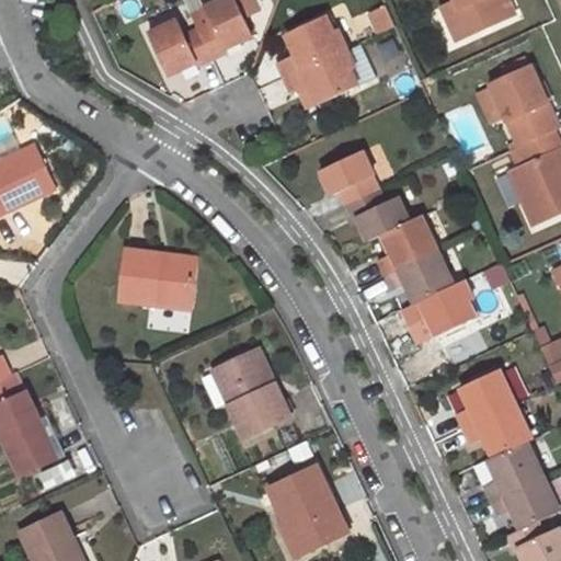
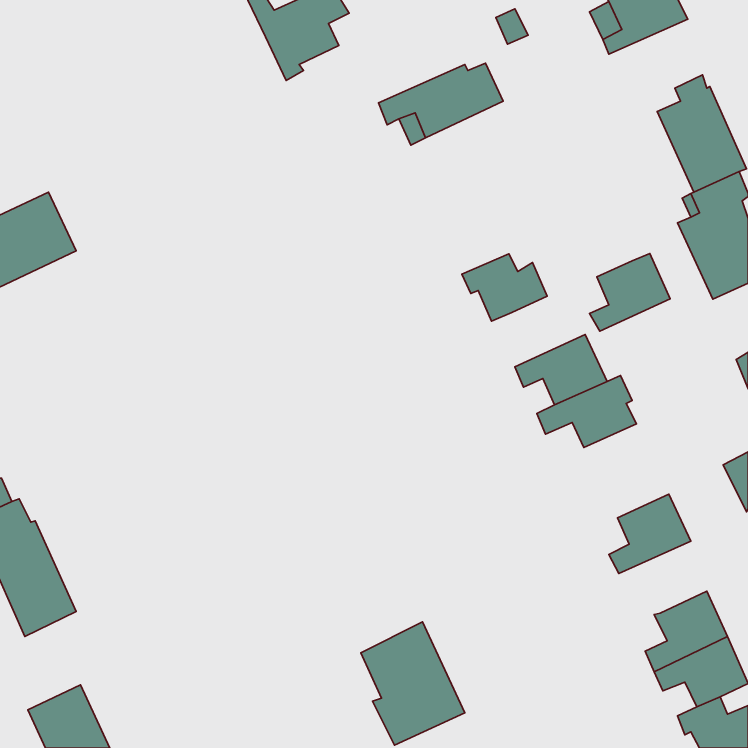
building: [276,15,347,77] -> none
building: [148,20,214,75] -> none
building: [321,151,380,205] -> none
building: [377,216,437,274] -> [590,253,670,331]
building: [119,250,196,307] -> none
building: [214,353,289,437] -> none
building: [462,404,533,458] -> none

